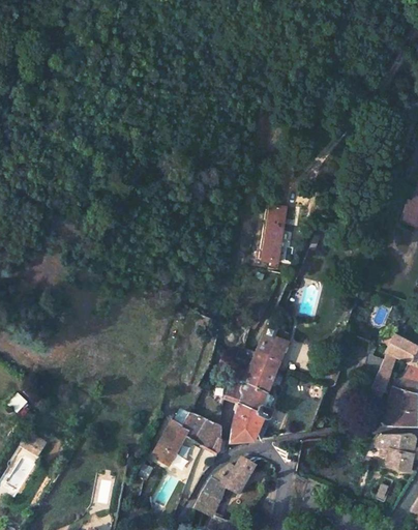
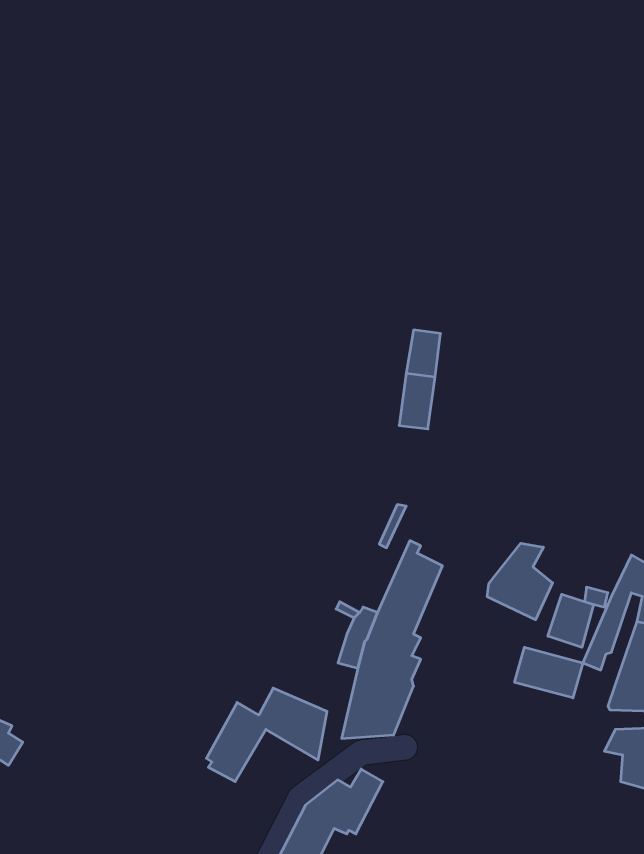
building: none -> [487,543,553,620]
building: none -> [548,594,594,647]
building: none -> [515,647,583,698]

